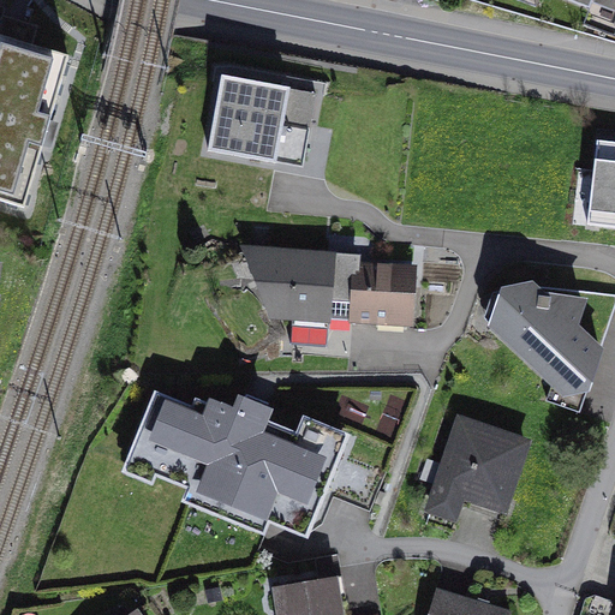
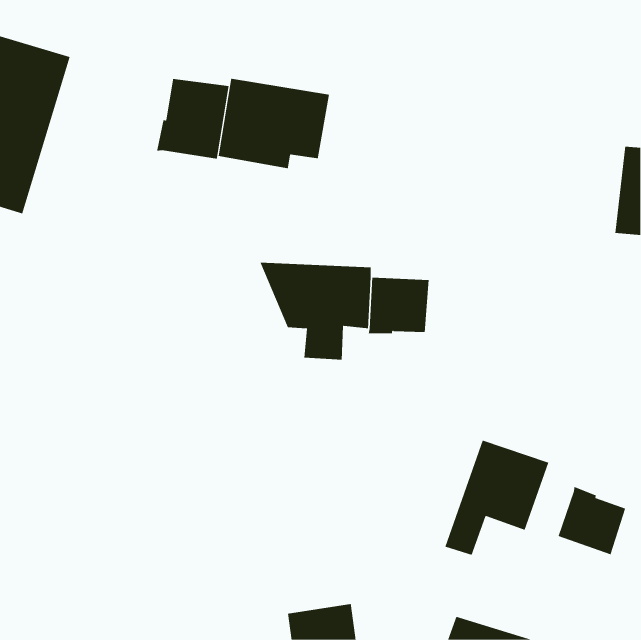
building: none -> [157,78,229,160]
building: [491,283,598,392] -> none
building: [130,398,342,518] -> none
building: none -> [558,486,626,555]

